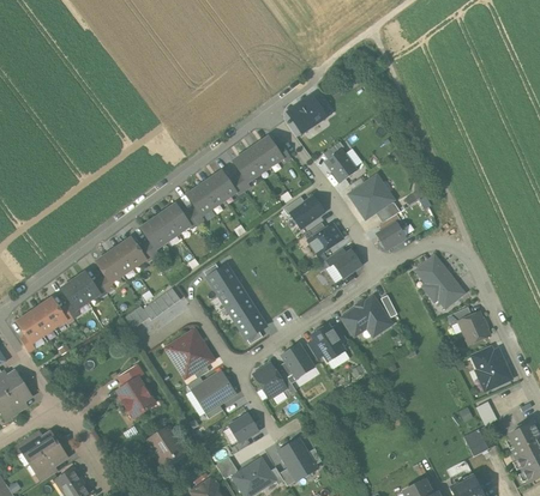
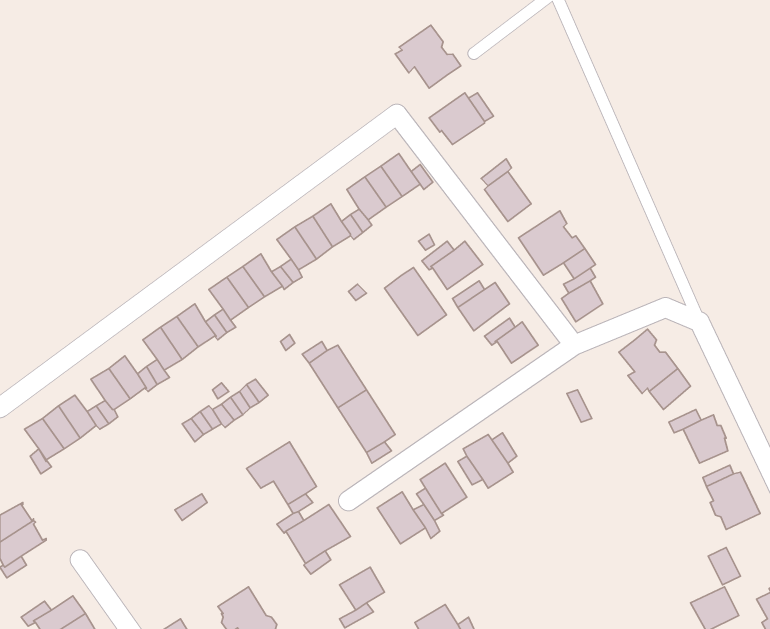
building: none -> [395,25,461,88]
building: none -> [385,267,447,336]
building: [342,296,391,335] -> none
building: [118,377,154,416] -> none

